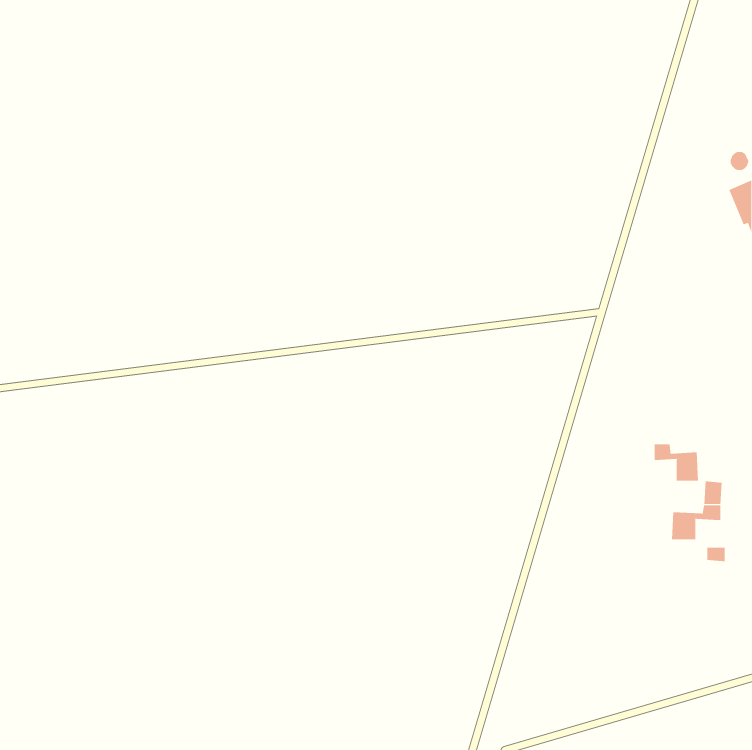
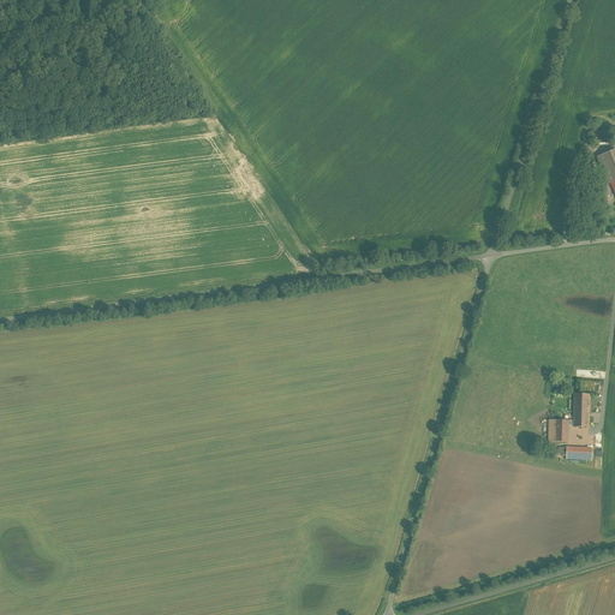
building: [654,444,699,481] -> none

